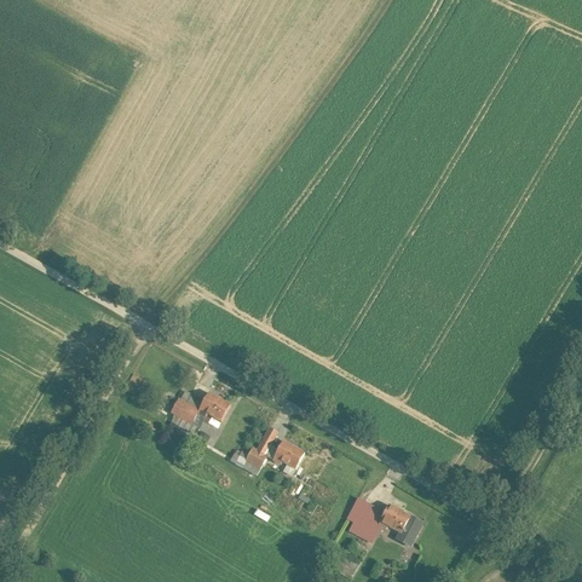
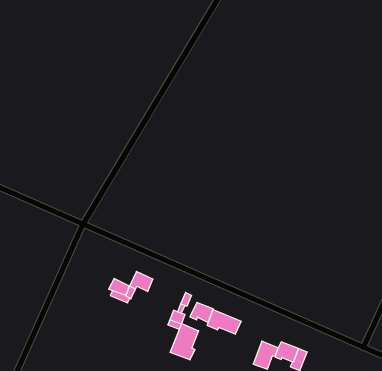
building: none -> [207,310,241,334]
building: none -> [170,323,199,360]

